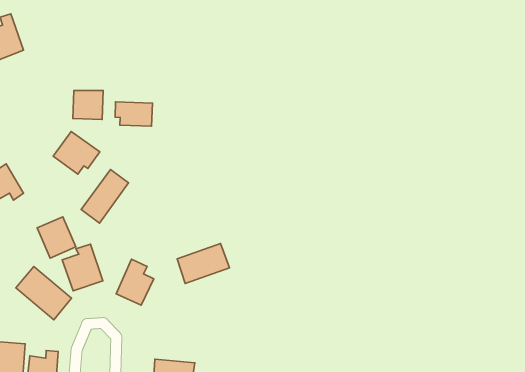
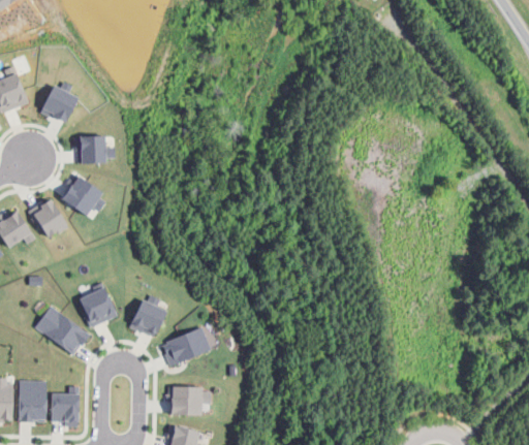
building: none -> [38,83,77,126]
building: [115,102,152,126] -> none
building: [81,169,129,223] -> none
building: [37,217,76,258] -> [29,198,67,239]
building: [177,244,230,283] -> [159,327,210,368]

